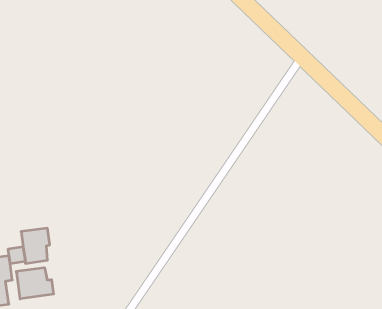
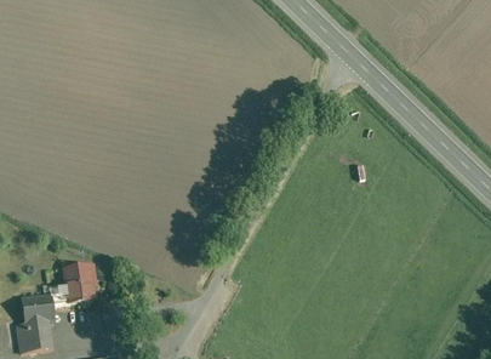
building: [16,268,54,299] -> none

